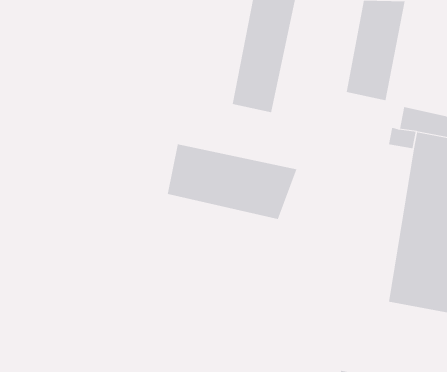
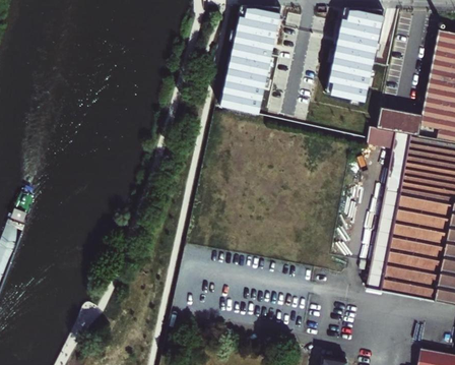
building: [167,144,297,220] -> none

